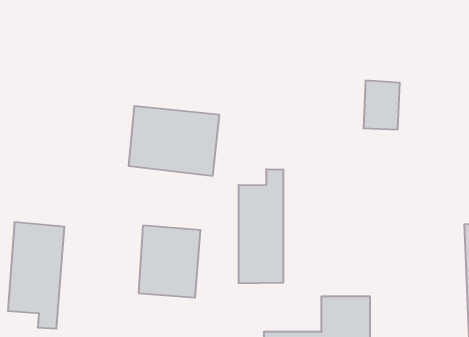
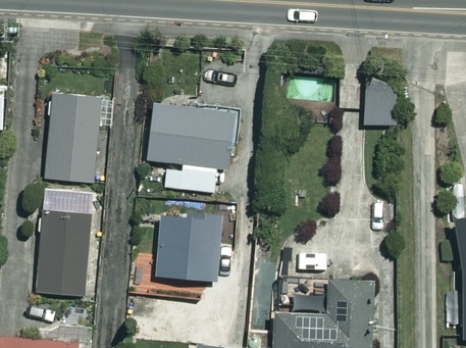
building: none -> [48,94,99,182]
building: [239,169,283,283] -> none

